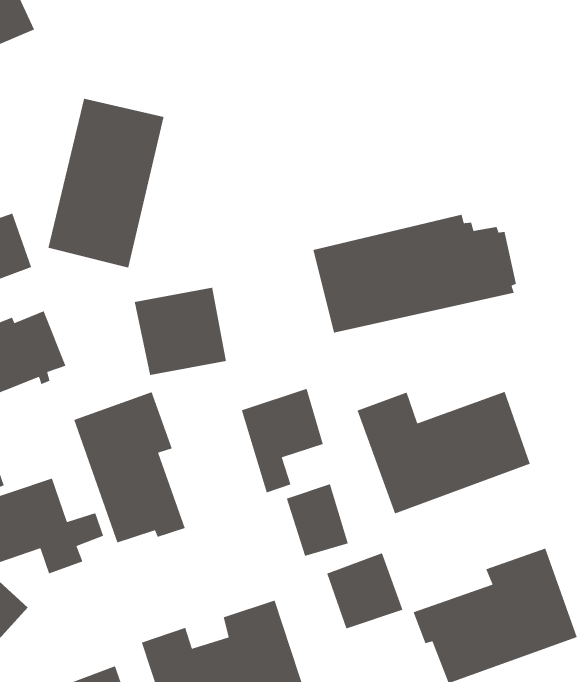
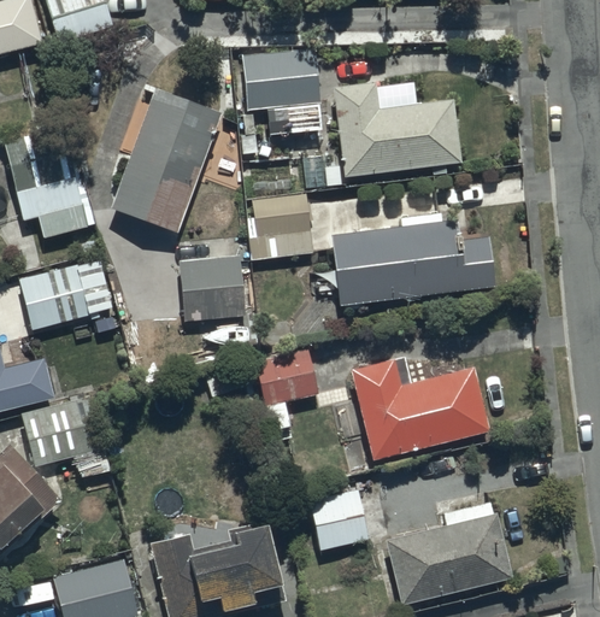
building: none -> [240,47,320,121]
building: none -> [305,83,465,189]
building: none -> [245,194,312,260]
building: [73,391,186,543] -> none
building: [286,483,349,557] -> none

